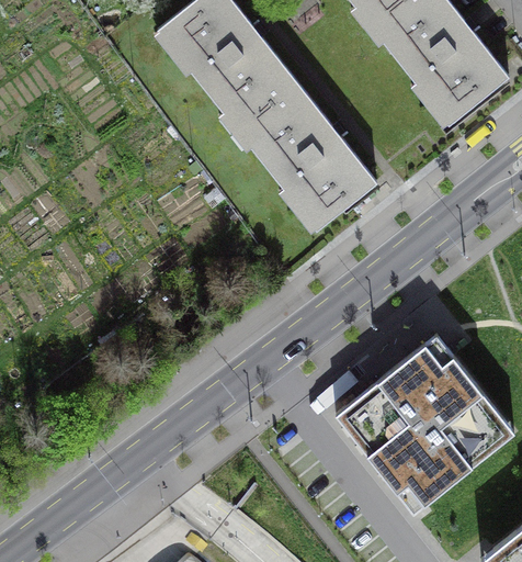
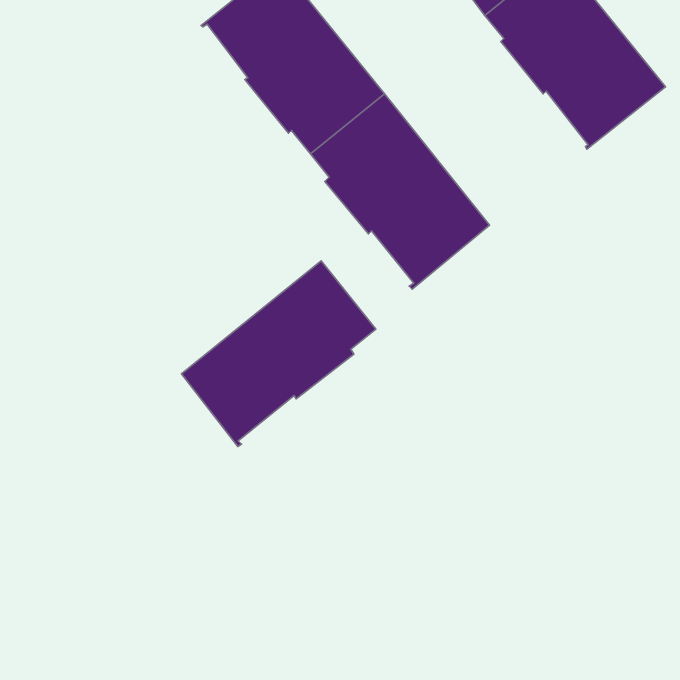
building: none -> [182,261,376,447]
building: [336,335,515,514] -> none

